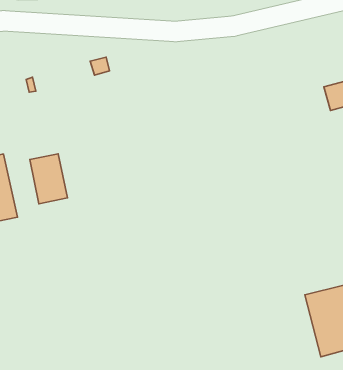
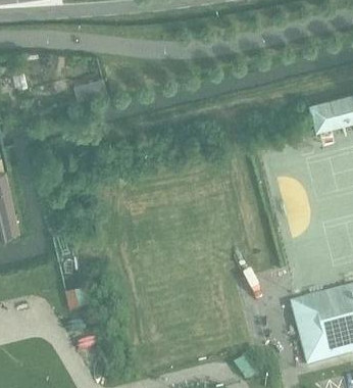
building: [30,154,67,204] -> none

